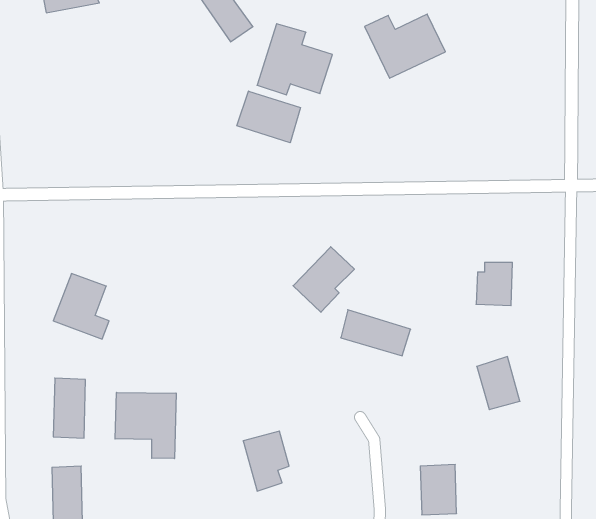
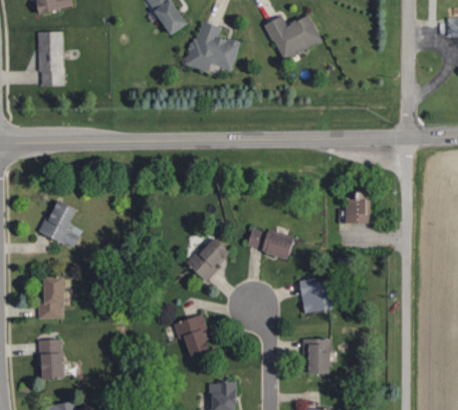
building: none -> [39,32,65,86]
building: [237,91,300,143] -> none
building: [293,247,354,312] -> [186,236,230,283]
building: [477,357,520,410] -> [297,276,328,315]
building: [115,392,176,459] -> none

